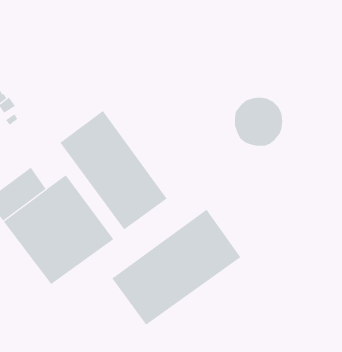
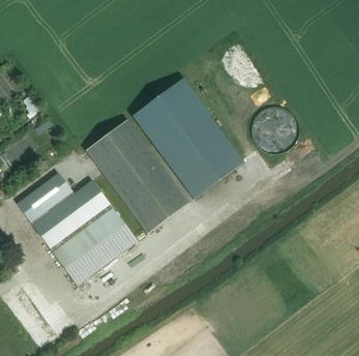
building: none -> [132,79,243,199]
building: [111,209,241,326] -> none

